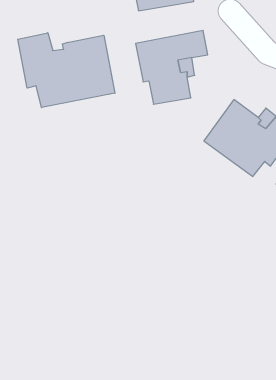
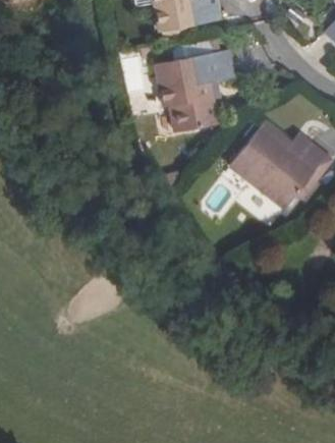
building: [18,33,115,108] -> none

